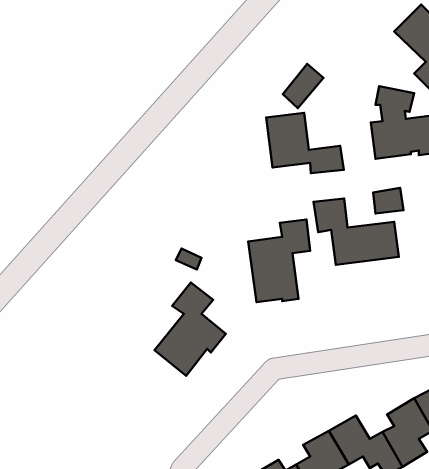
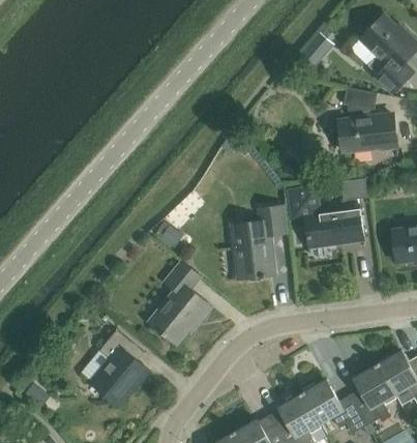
building: [283,64,324,108] -> [296,31,332,70]
building: [266,113,344,173] -> none
building: none -> [89,330,147,407]

